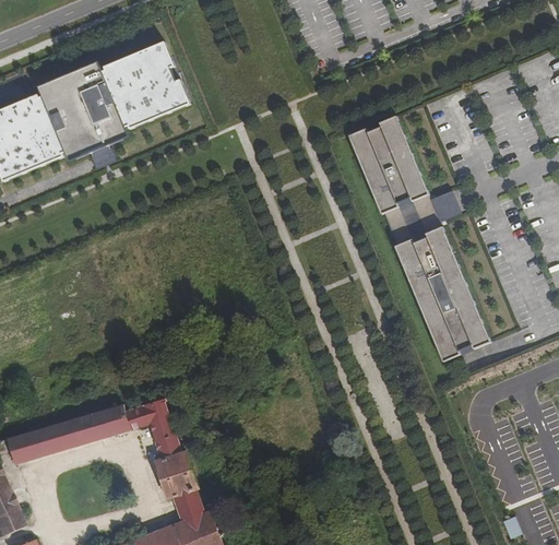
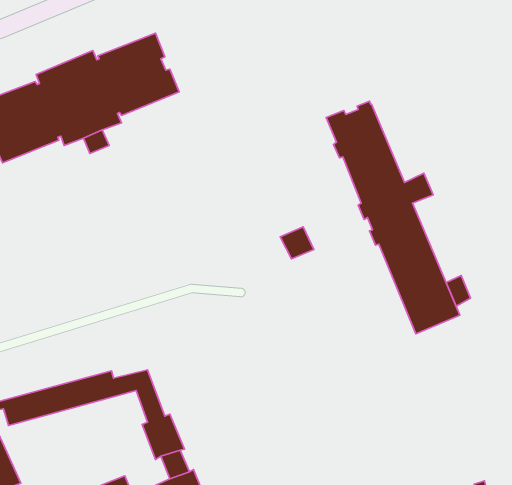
building: none -> [280,227,314,259]
building: none -> [446,275,471,306]

